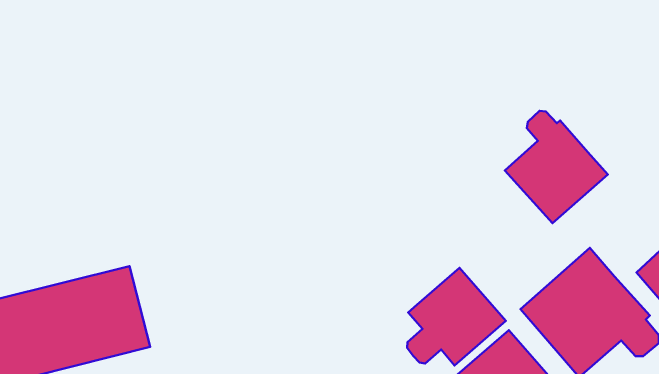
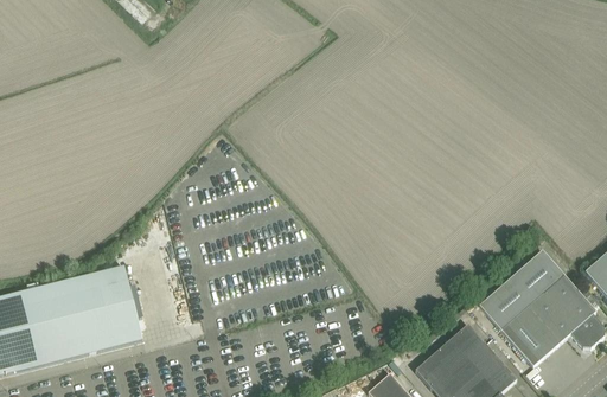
building: [505,111,608,223] -> none
building: [407,268,506,366] -> none

